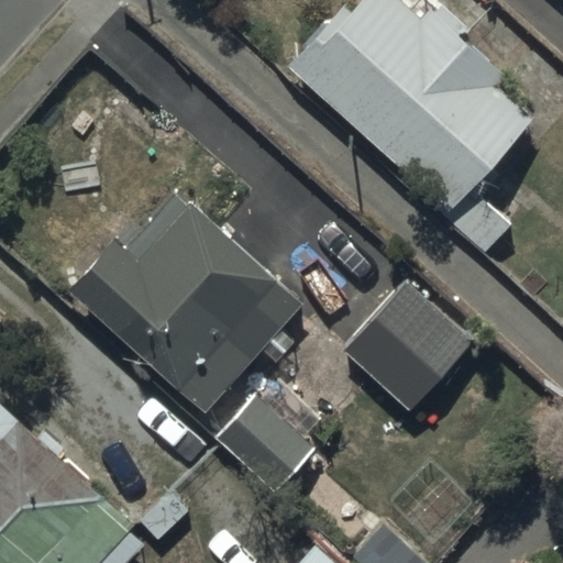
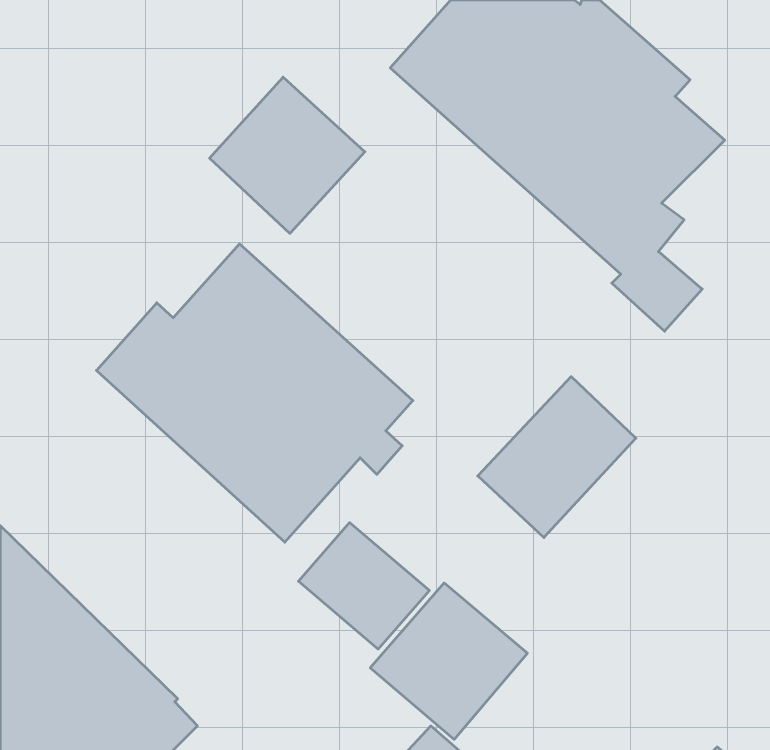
building: none -> [210,77,365,233]
building: none -> [370,583,527,739]

